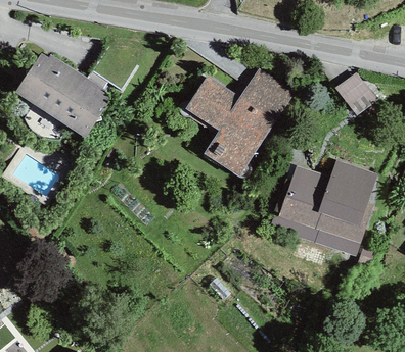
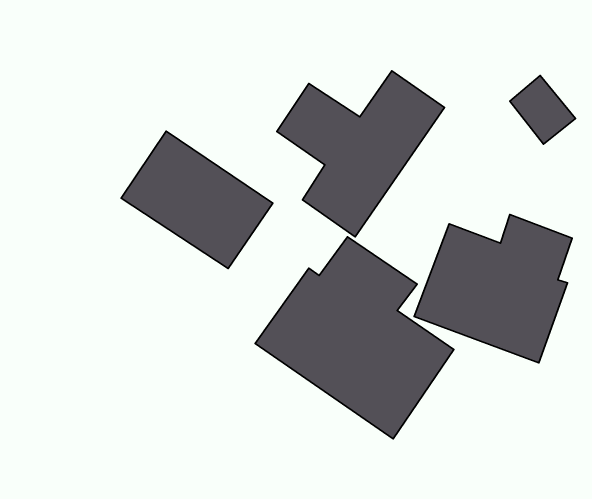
building: [14,49,111,137] -> [121,131,273,269]
building: none -> [255,237,454,439]

